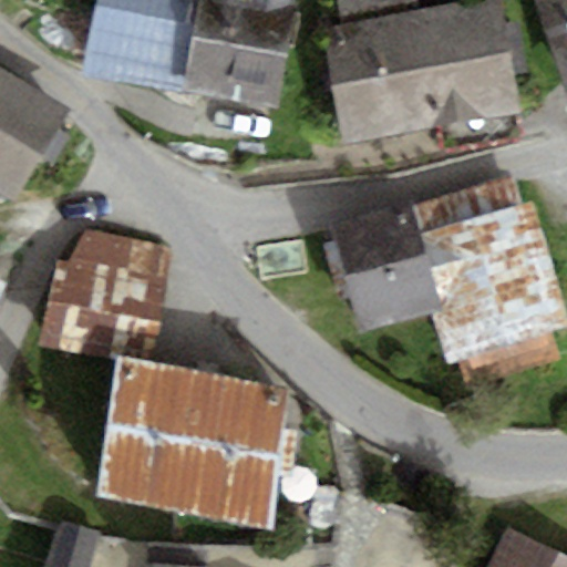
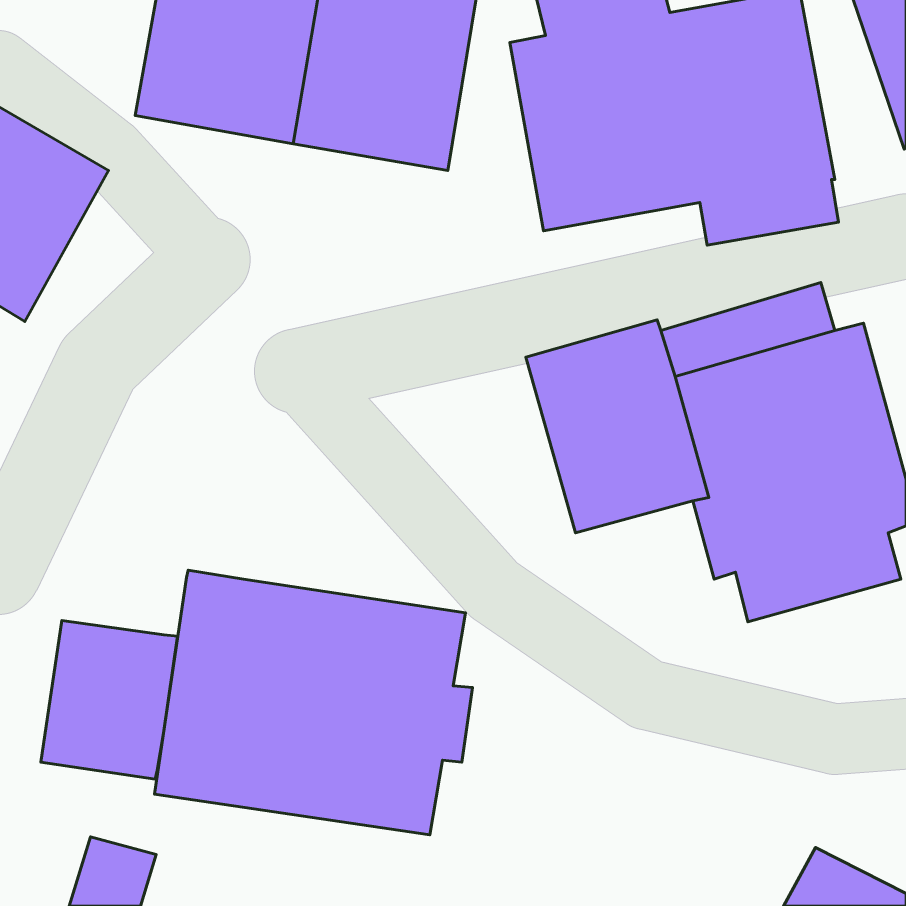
building: [40,228,167,361] -> none
building: none -> [41,621,178,779]

